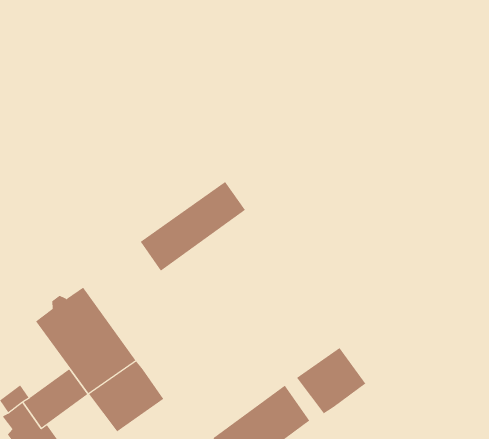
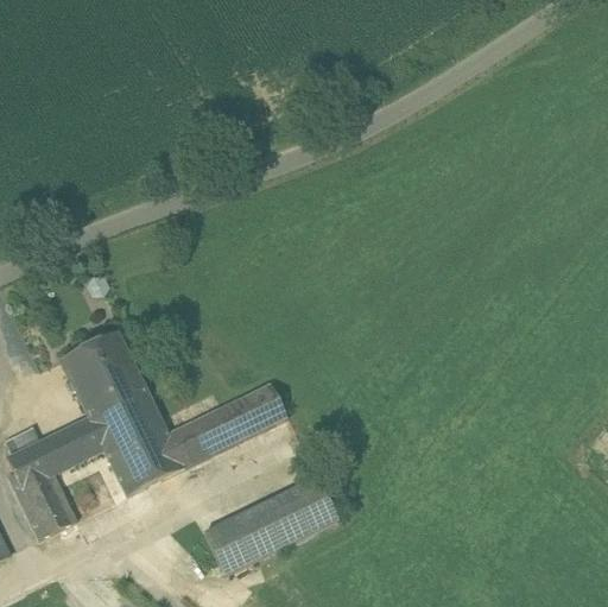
building: [140,181,246,272] -> [167,382,287,468]
building: [296,347,366,414] -> none

